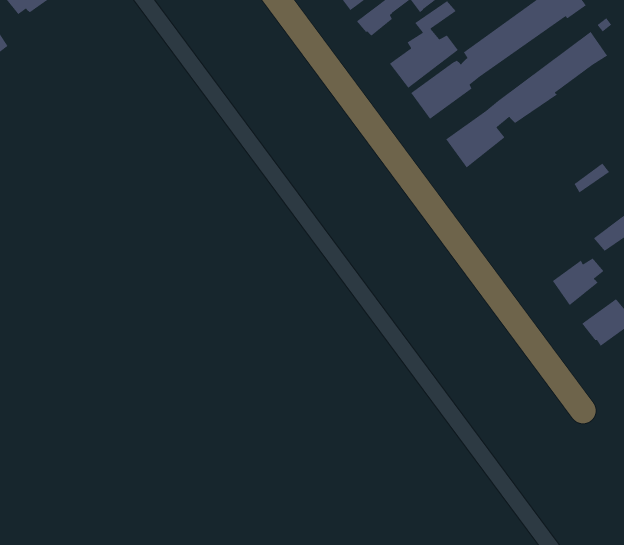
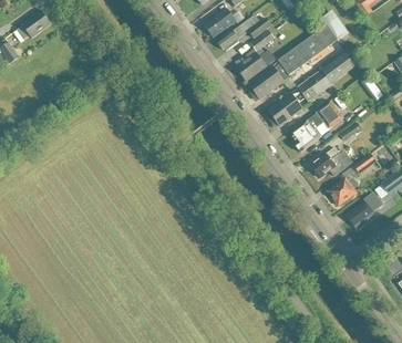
building: none -> [290,104,341,152]
building: none -> [310,147,353,177]

